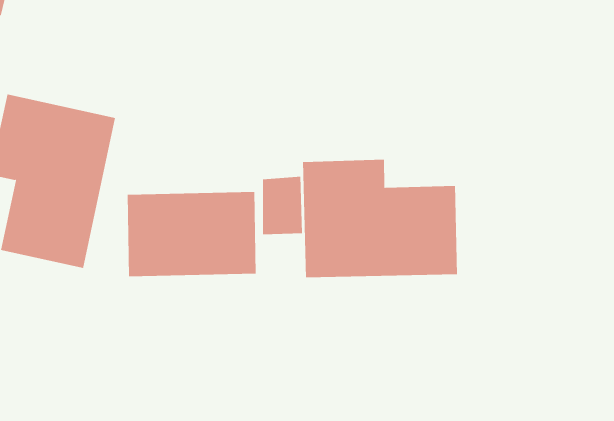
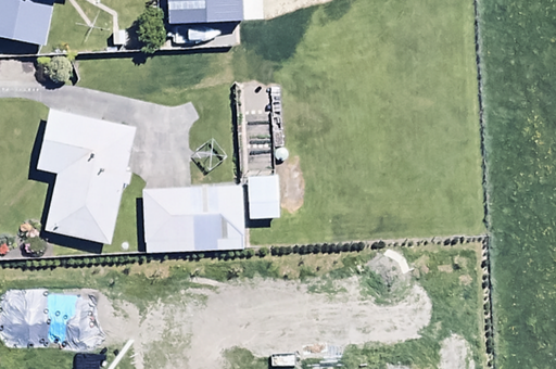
building: [303,159,458,278] -> none

